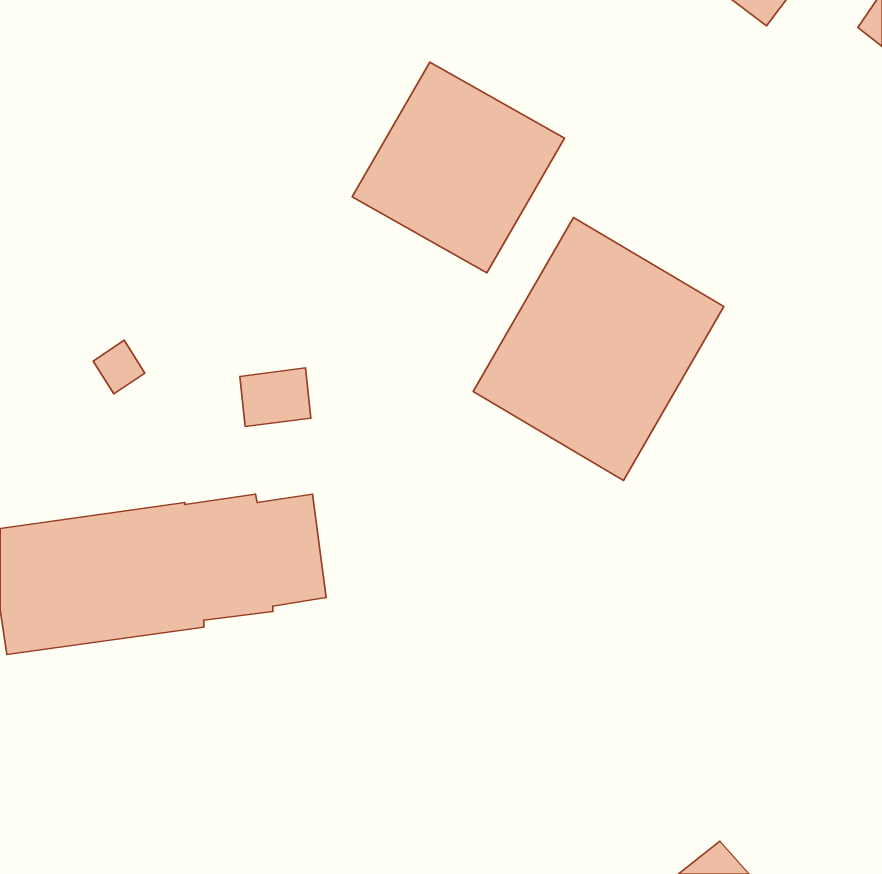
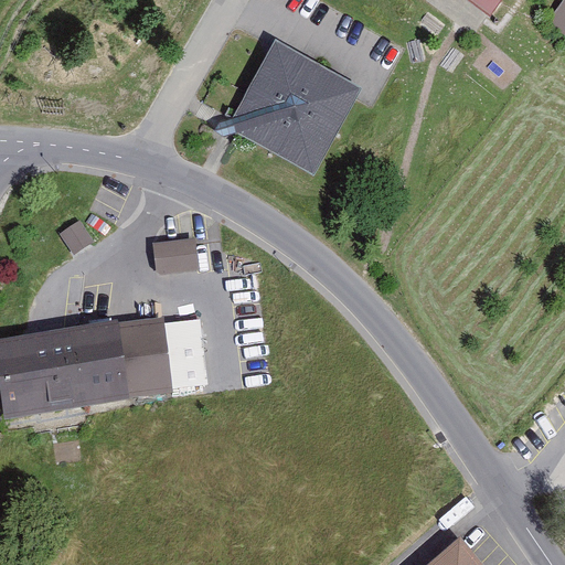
building: [473,217,724,481] -> none

